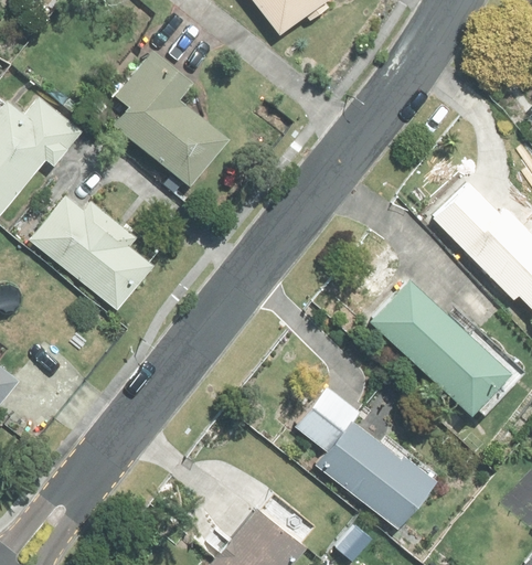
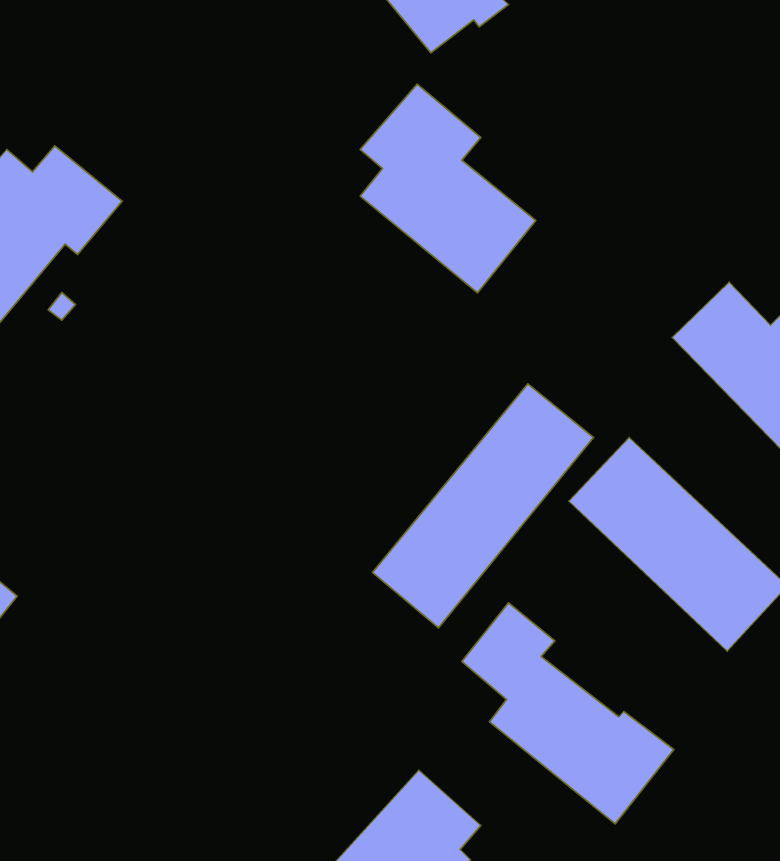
building: [114,54,226,188] -> [360,84,536,293]
building: [31,194,153,308] -> none
building: none -> [372,384,594,628]

